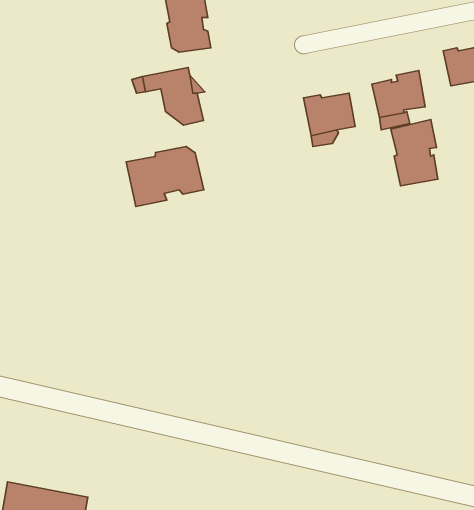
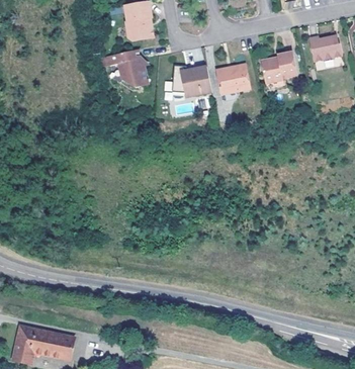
building: none -> [172,65,211,95]
building: [391,120,438,186] -> none
building: [126,146,204,206] -> none

